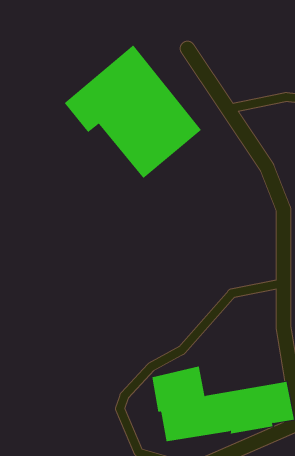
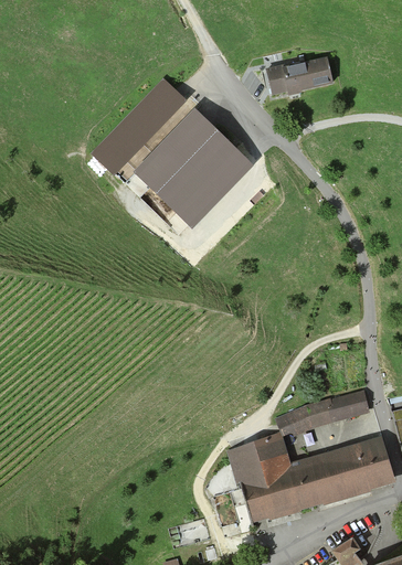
building: none -> [265,55,332,95]
building: none -> [275,391,368,439]

